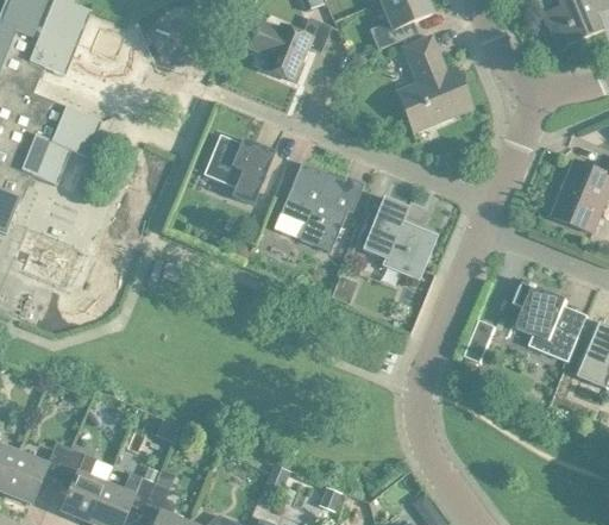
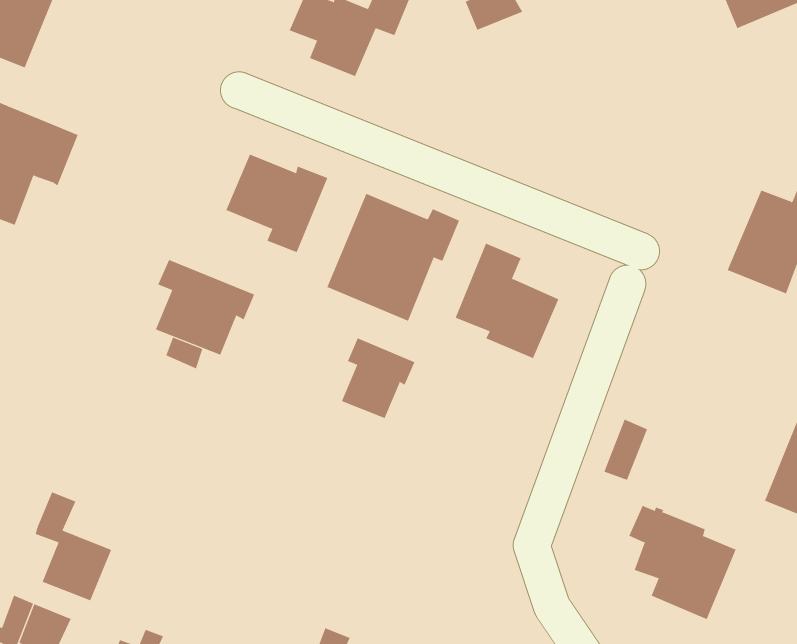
building: [397,36,471,131] -> none
building: none -> [155,259,255,356]
building: none -> [341,338,415,419]
building: [514,282,589,362] -> [629,505,736,620]
building: none -> [35,492,112,601]

